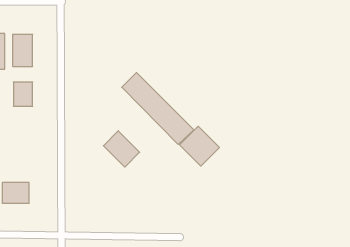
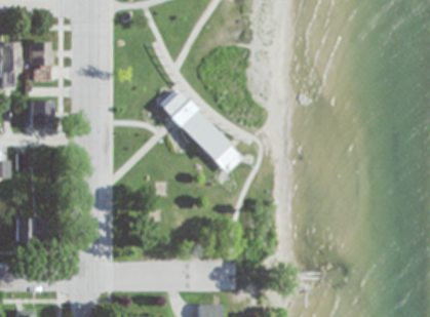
building: [180,126,219,166] -> none
building: [103,131,140,167] -> none

